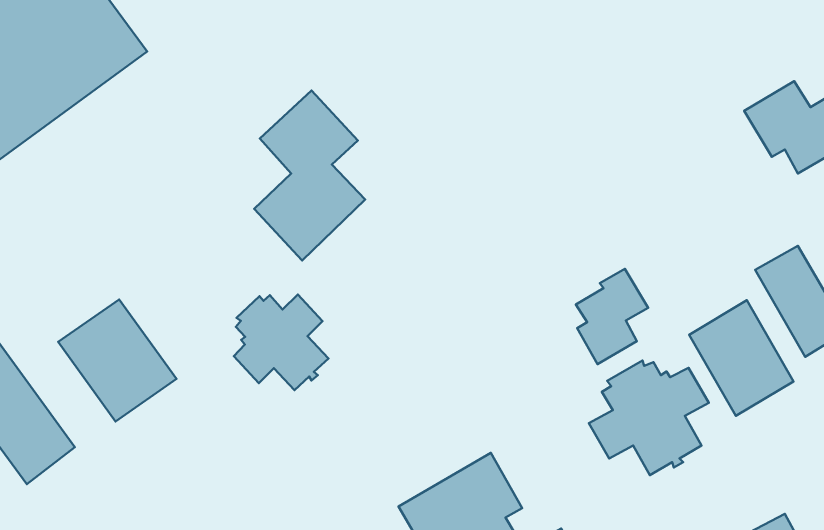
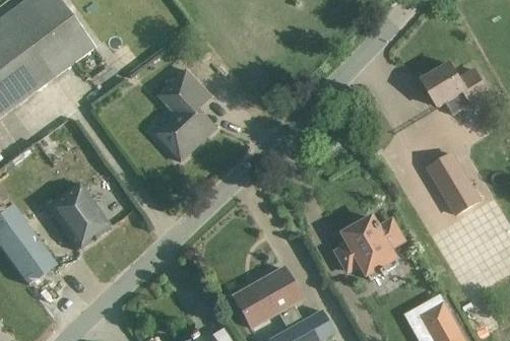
building: [576,269,648,364] -> none
building: [234,295,328,390] -> none
building: [689,300,793,416] -> none

